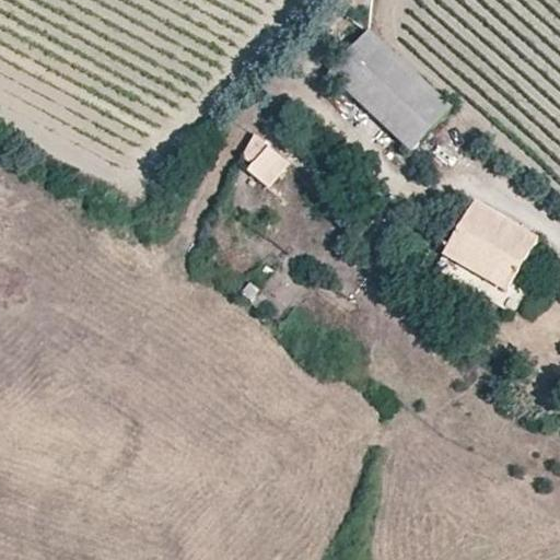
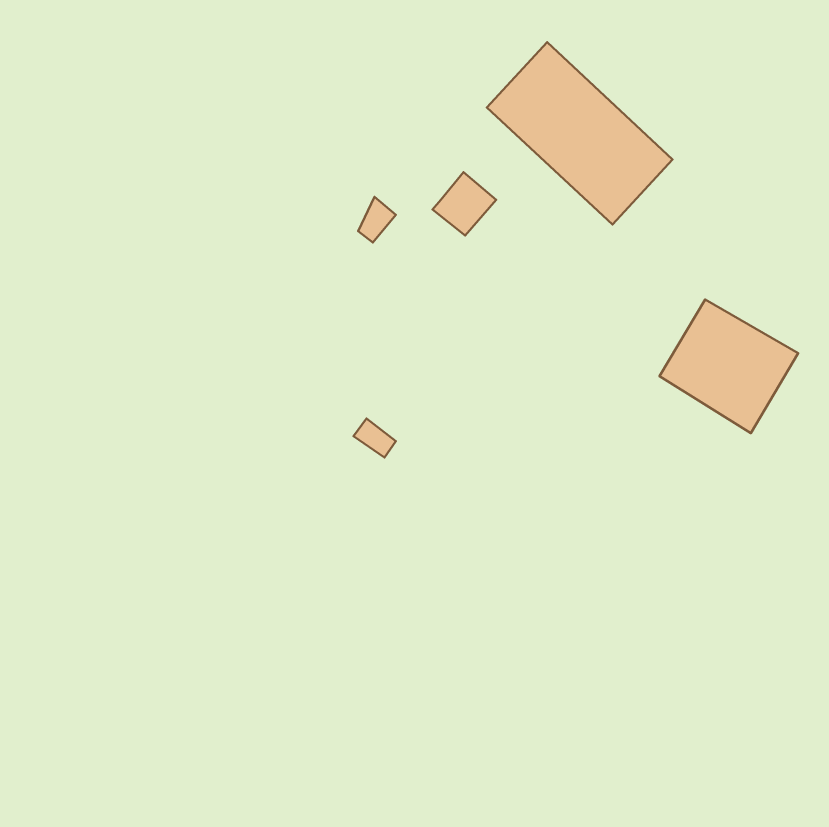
building: [245,144,288,187] -> [433,172,496,236]

